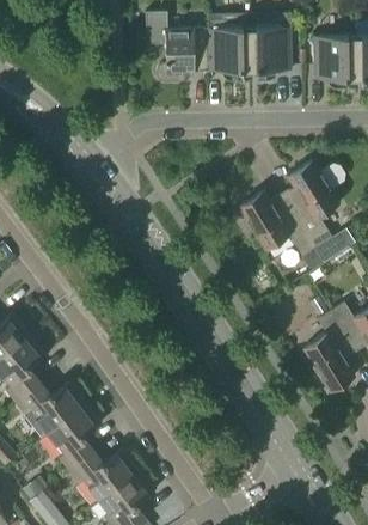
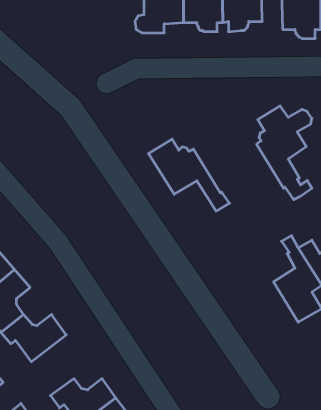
building: [238,191,324,268] -> [148,139,230,211]
building: [47,404,99,469] -> none

